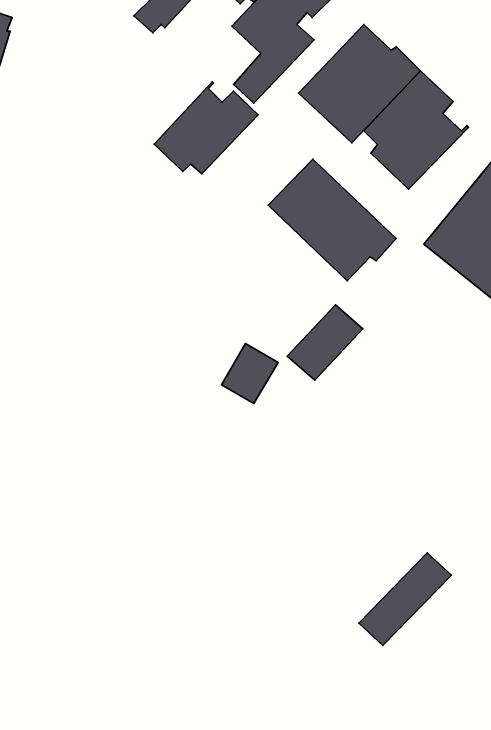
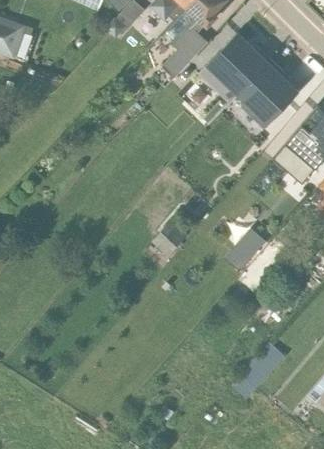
building: [154,82,258,174] -> none
building: [268,159,396,281] -> none
building: [287,305,363,380] -> [226,223,270,267]

